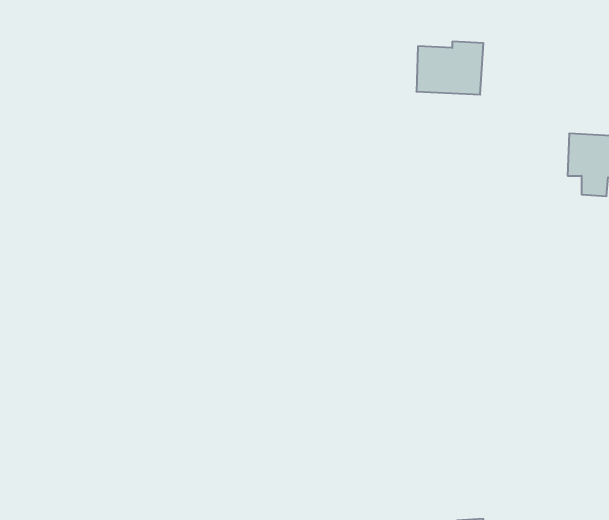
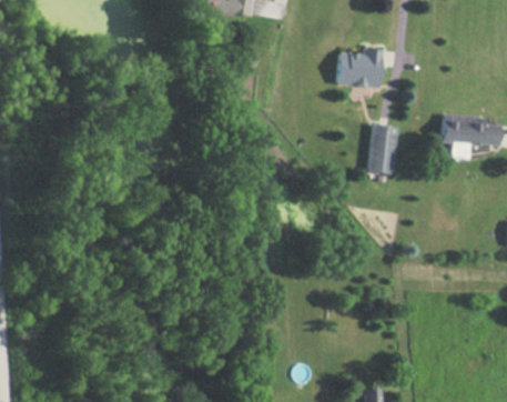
building: none -> [367,124,397,175]

